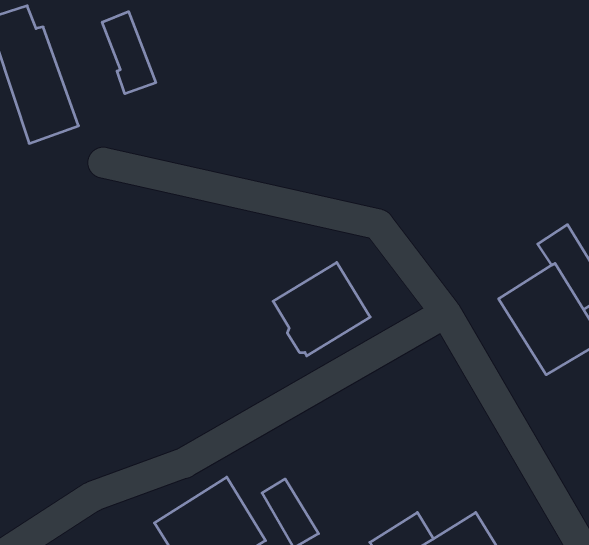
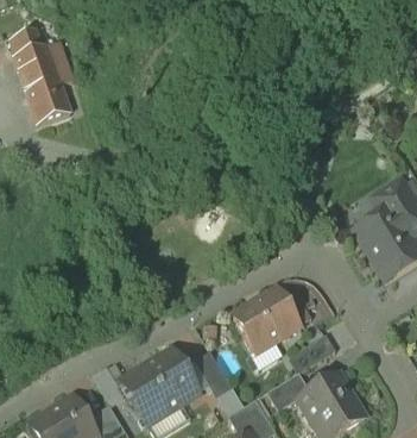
building: [102,12,156,94] -> none
building: [273,262,370,356] -> [233,288,298,351]
building: none -> [291,334,335,371]

